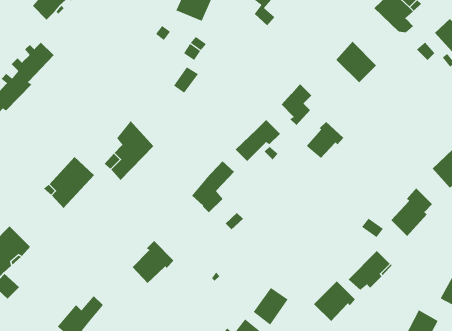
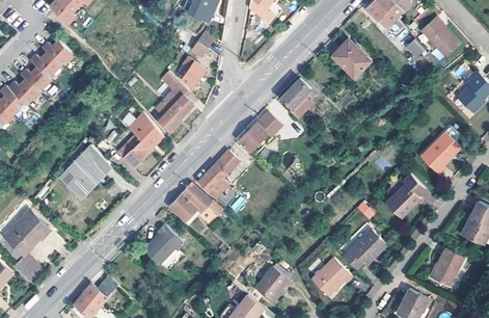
building: none -> [156,71,193,130]
building: [306,121,344,159] -> none
building: none -> [170,183,234,229]

